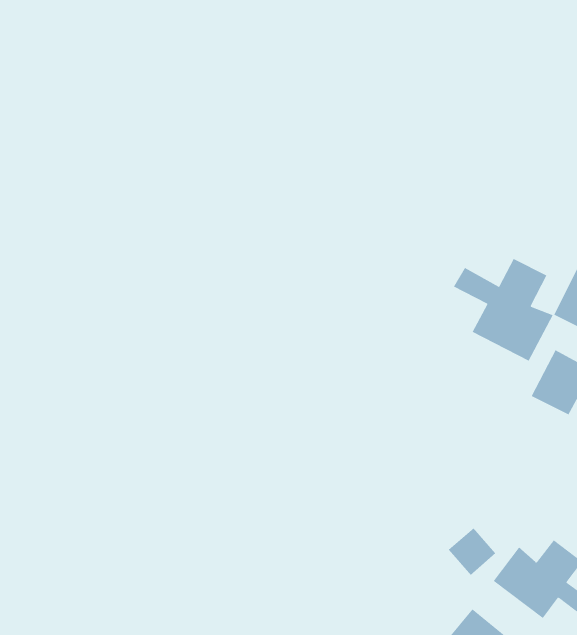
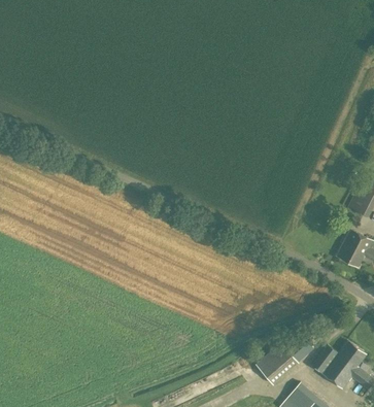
building: [453,258,553,362] -> none
building: none -> [258,344,299,384]

